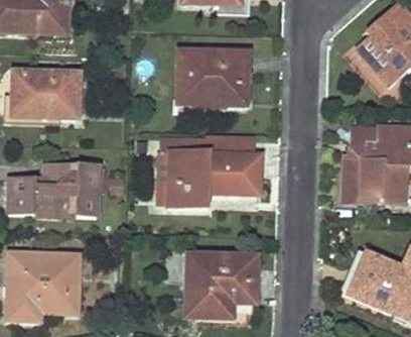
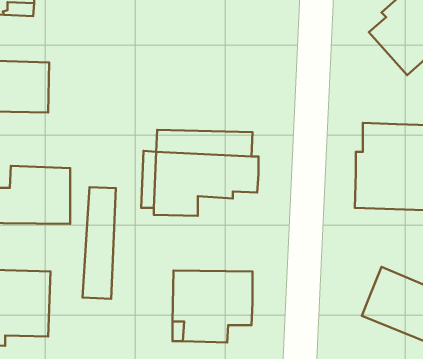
building: [179,53,246,105] -> none
building: none -> [82,187,116,299]

